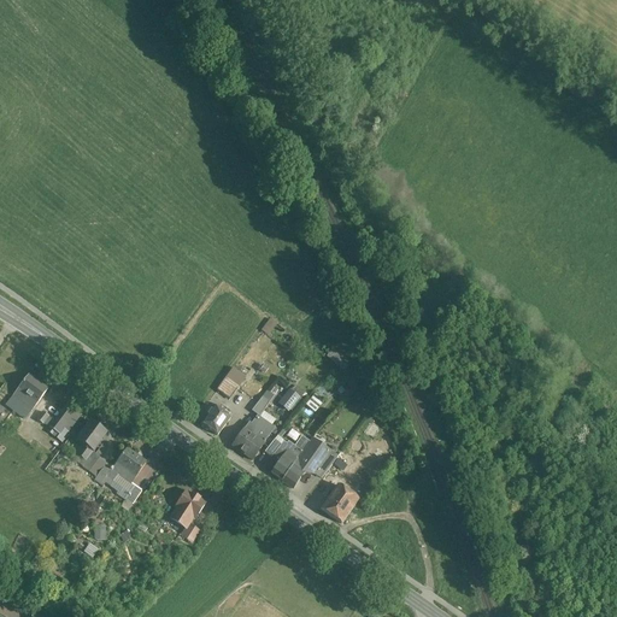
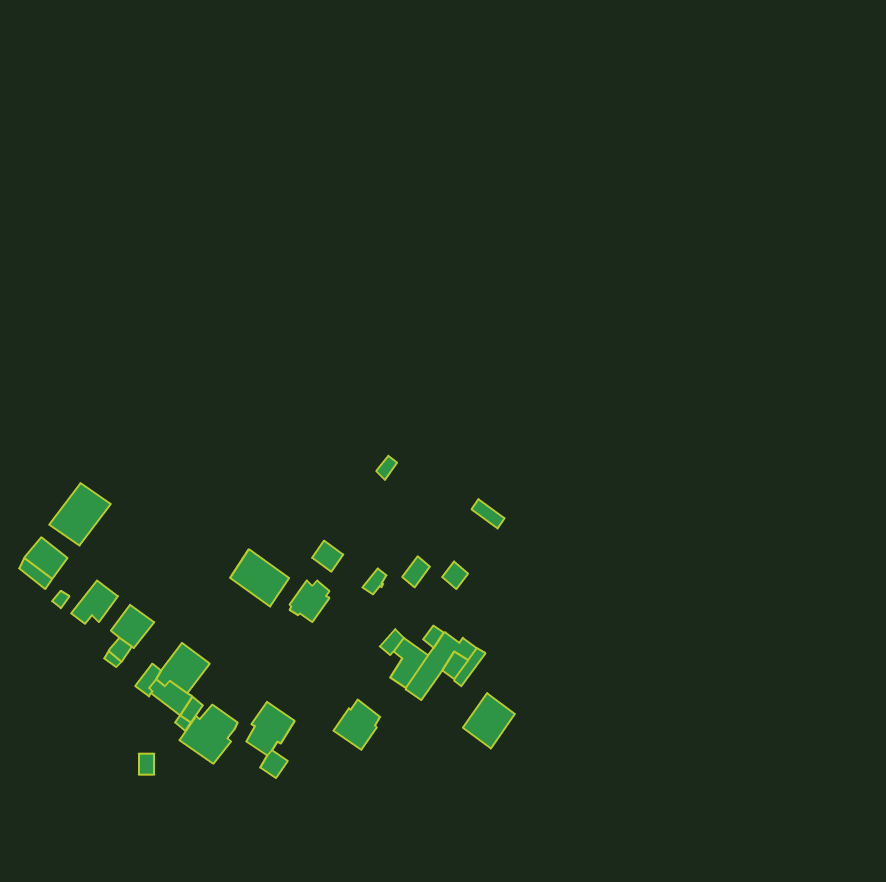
building: none -> [49,483,111,546]
building: none -> [230,549,289,607]
building: [234,422,266,457] -> [333,700,380,750]
building: none -> [179,705,237,764]

